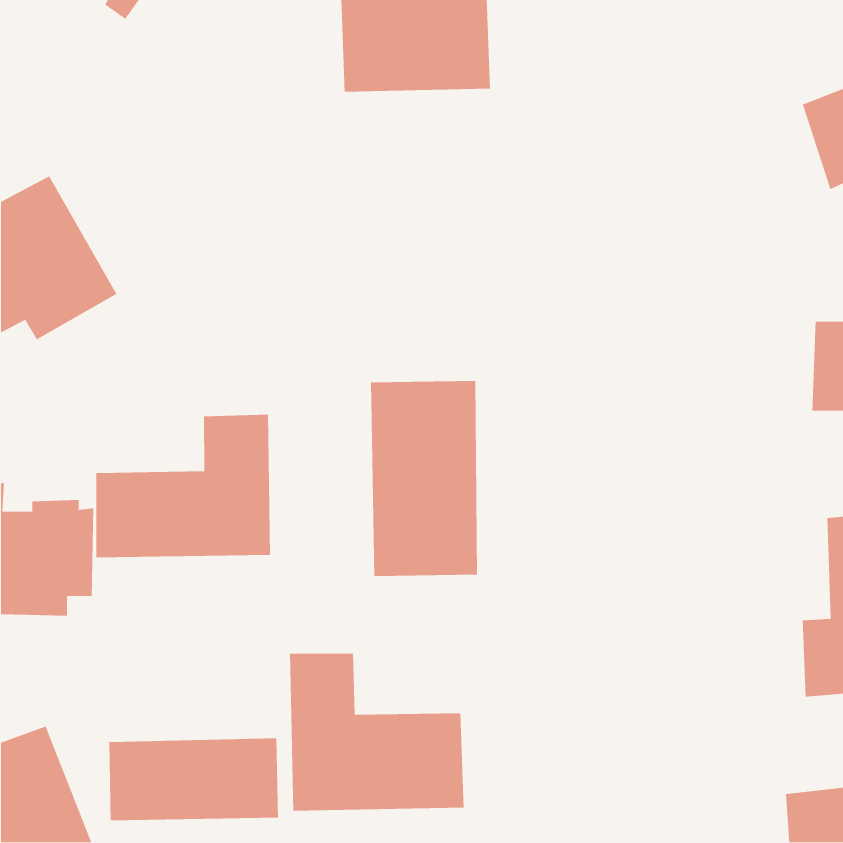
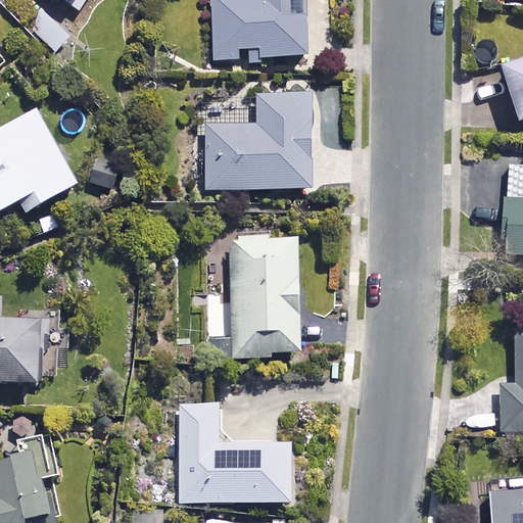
building: none -> [206,92,310,190]
building: [95,414,271,558] -> none
building: [108,737,279,821] -> none

